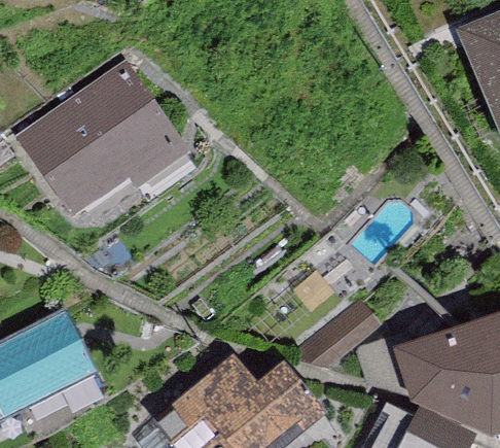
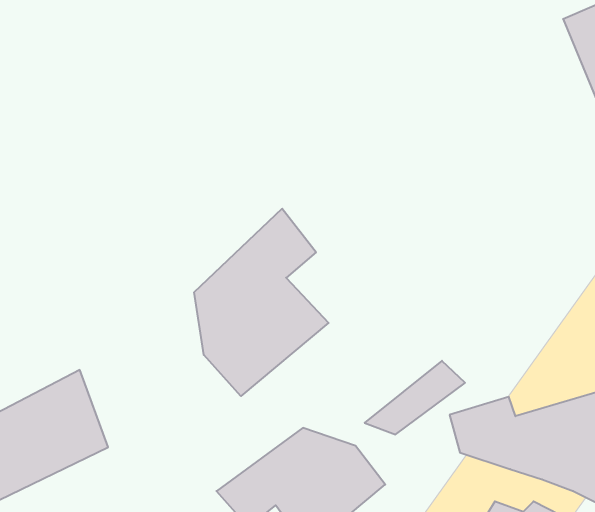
building: [24,69,178,201] -> none
building: none -> [194,209,329,396]

